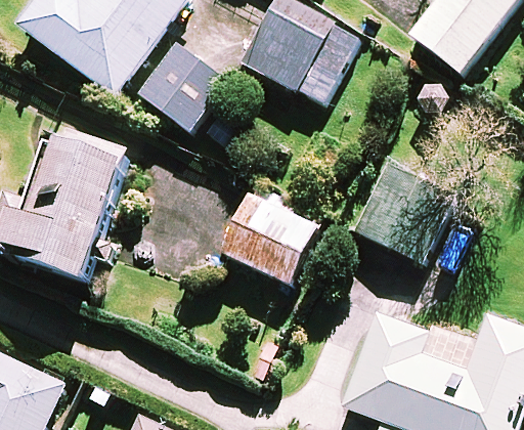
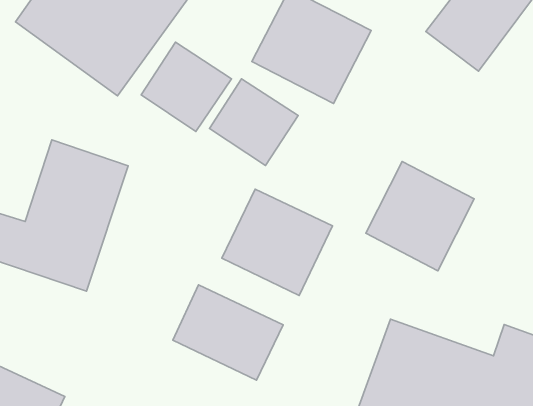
building: none -> [209,79,298,165]
building: none -> [173,285,283,380]

